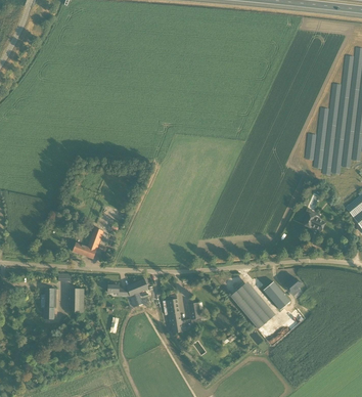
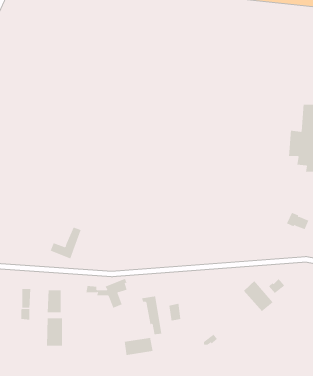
building: [231,284,274,329] -> none
building: none -> [46,317,63,346]
building: none -> [124,337,153,356]

